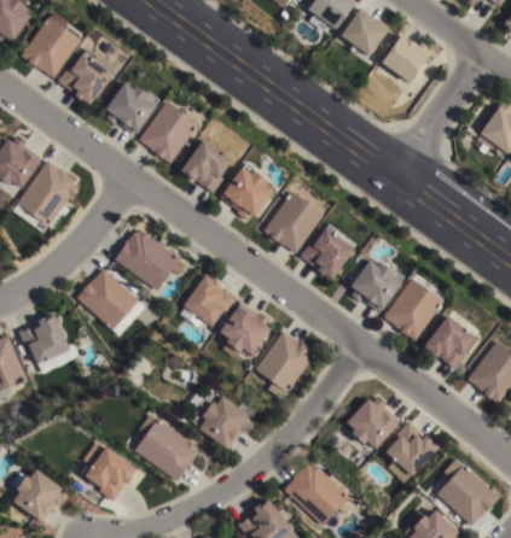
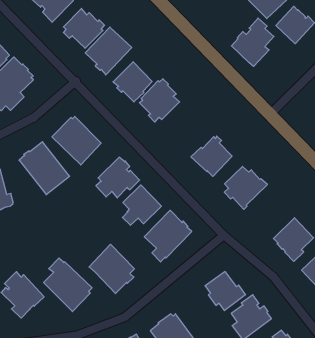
building: none -> [231,18,274,66]
building: [262,188,323,251] -> none
building: [383,270,446,338] -> none

